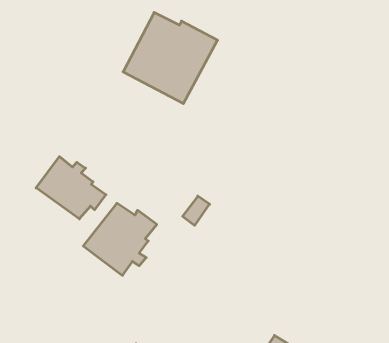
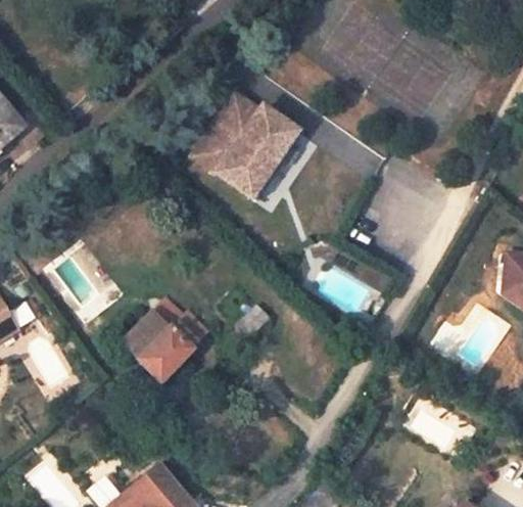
building: [36,157,106,219] -> none

